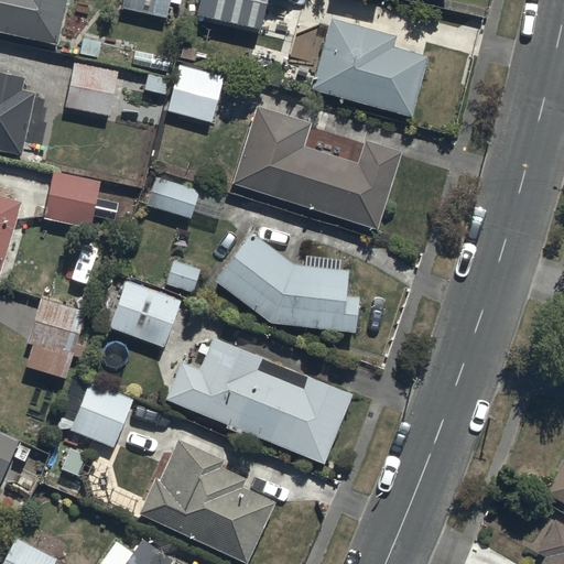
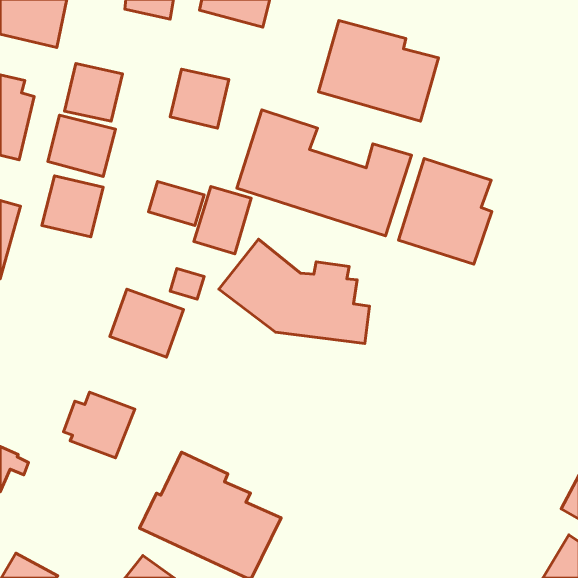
building: none -> [48,115,115,176]
building: none -> [398,159,492,264]
building: none -> [194,186,251,254]
building: [26,299,85,380] -> none
building: [165,339,351,465] -> none

